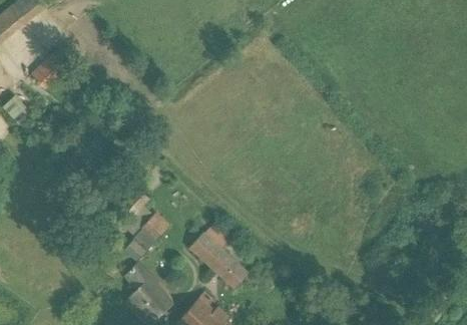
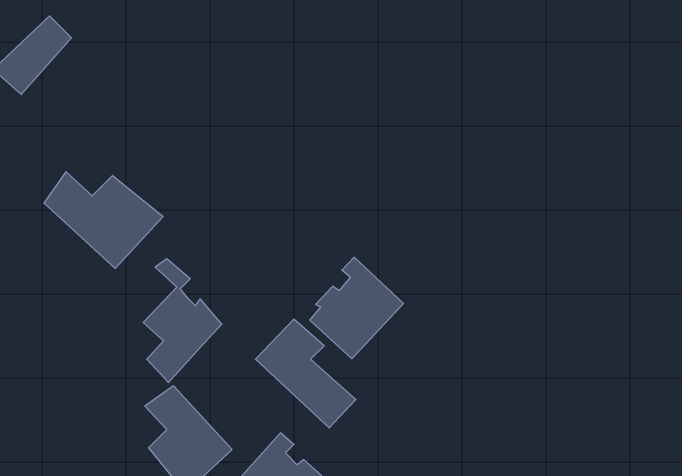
building: none -> [44,172,163,268]
building: none -> [310,257,403,359]

